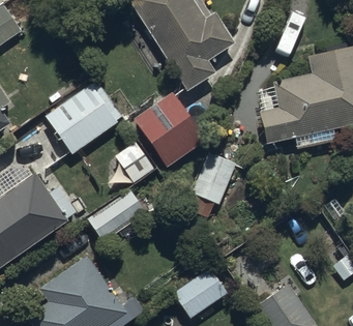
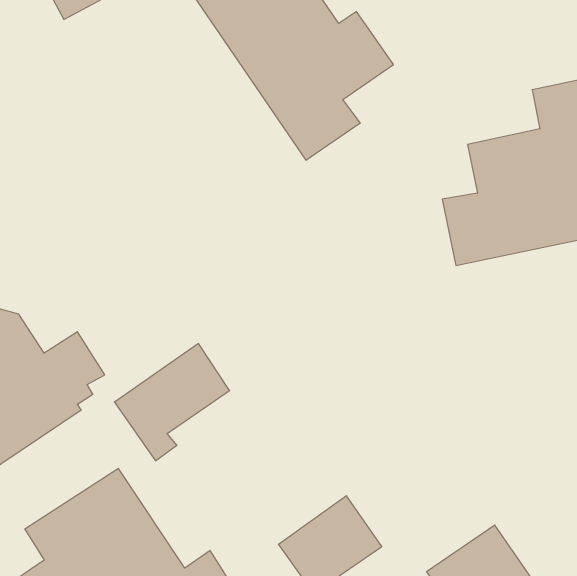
building: [45,80,121,153] -> none
building: [122,91,207,174] -> none
building: [187,153,235,217] -> none

